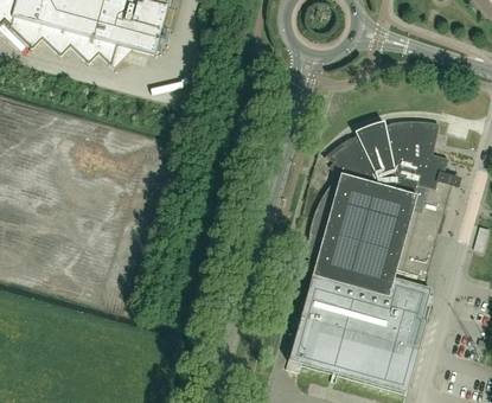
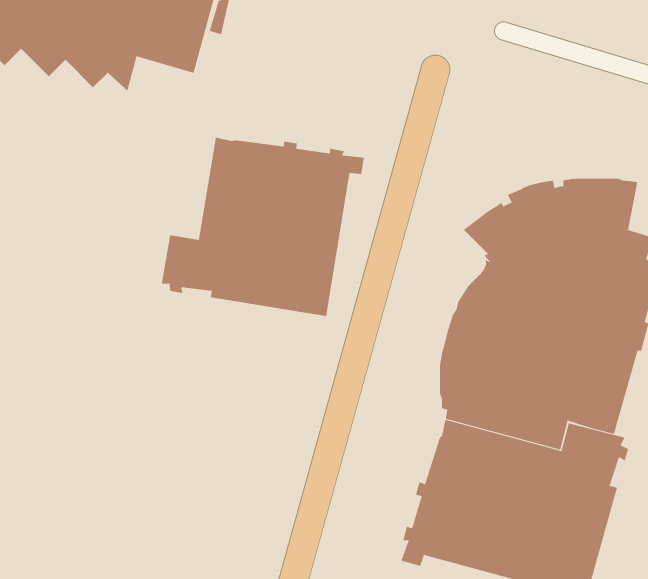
building: none -> [161,137,364,317]

